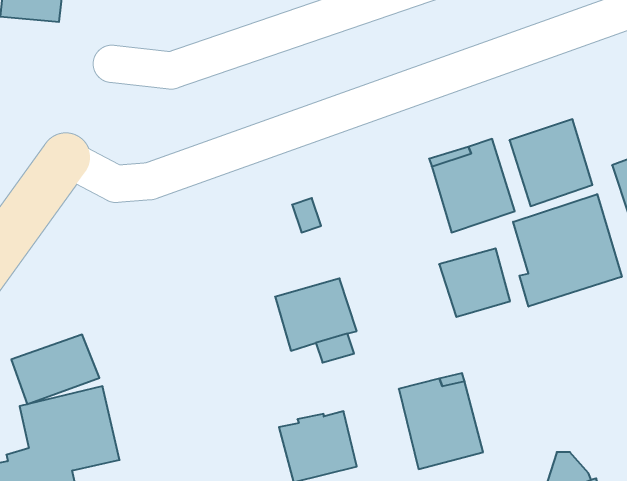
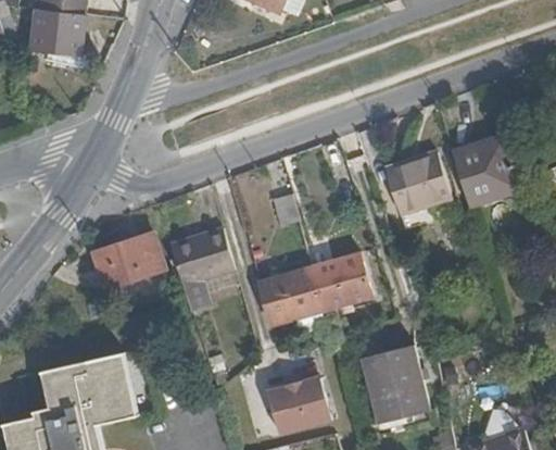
building: [513,194,622,307] -> none
building: none -> [168,228,232,312]
building: [439,248,510,317] -> [312,253,370,310]
building: [11,335,99,404] -> [92,233,165,290]

